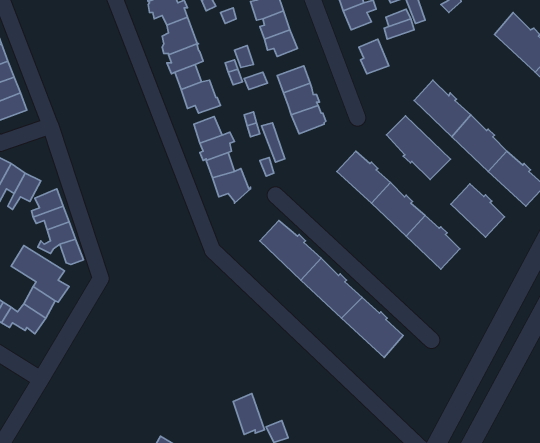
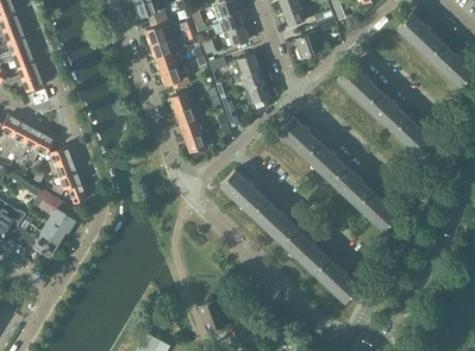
building: [386,116,450,180] -> none
building: [451,184,504,237] -> [357,192,398,232]
building: none -> [314,257,360,302]

